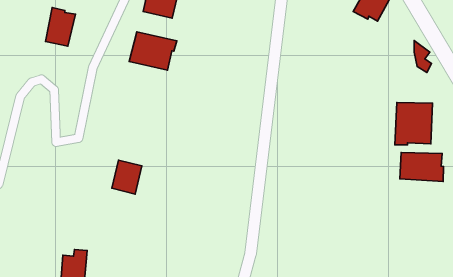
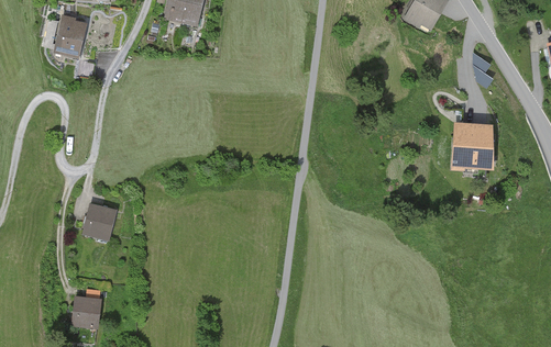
building: [129,32,177,70] -> none
building: [400,153,443,181] -> none
building: [112,160,142,194] -> [82,202,117,240]

